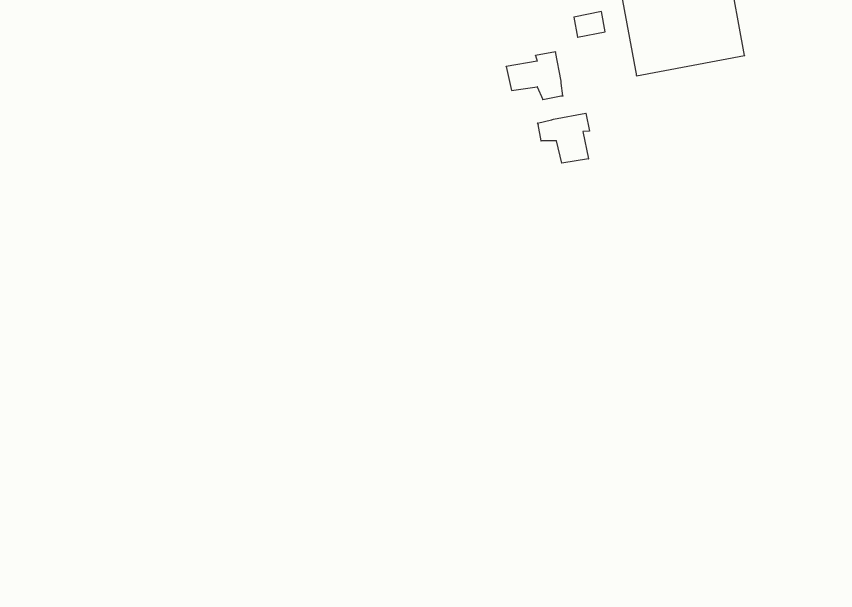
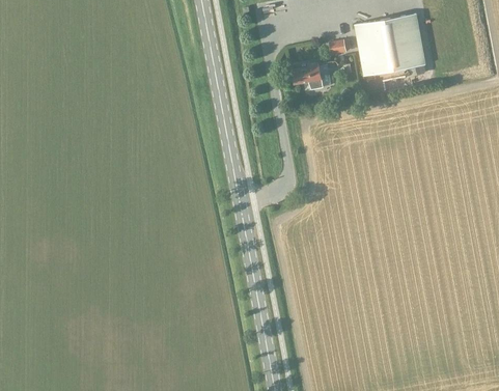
building: [538,113,589,163] -> none

